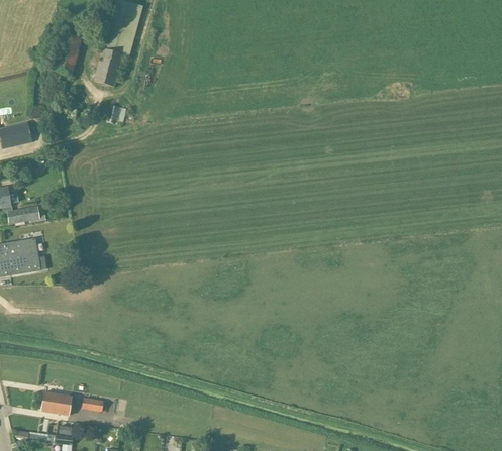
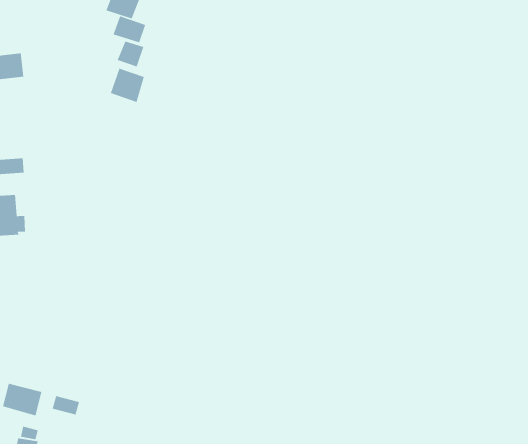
building: none -> [113,15,146,43]
building: none -> [110,68,145,103]

